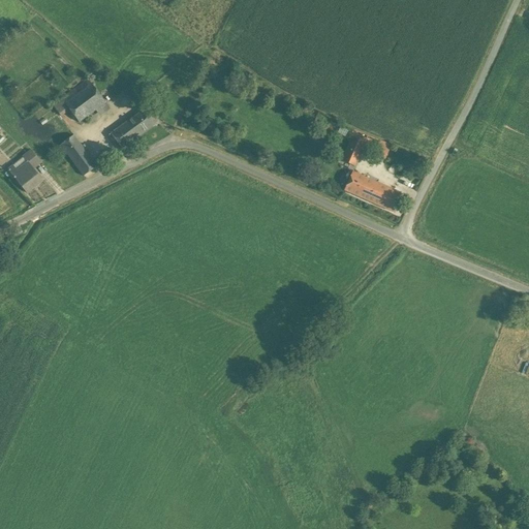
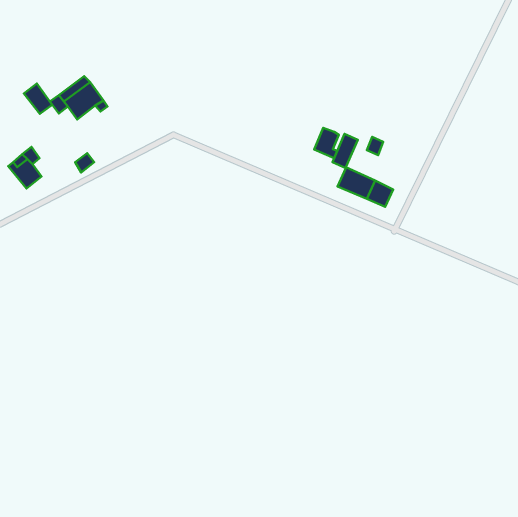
building: [111,110,154,148] -> none
building: none -> [314,128,339,158]
building: [60,134,89,165] -> [24,83,52,114]

